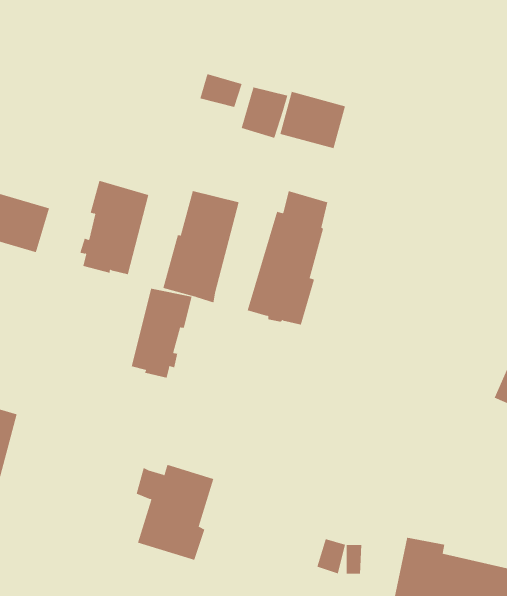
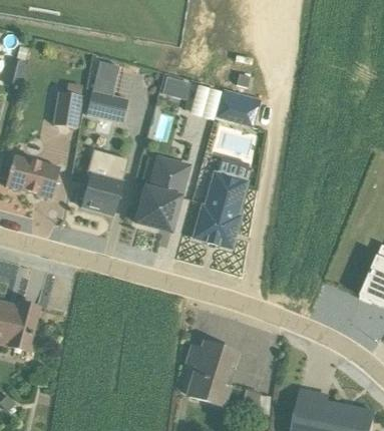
building: none -> [85,61,127,123]
building: none -> [52,82,82,127]
building: [131,288,192,379] -> none
building: [136,464,214,560] -> [183,343,237,408]

